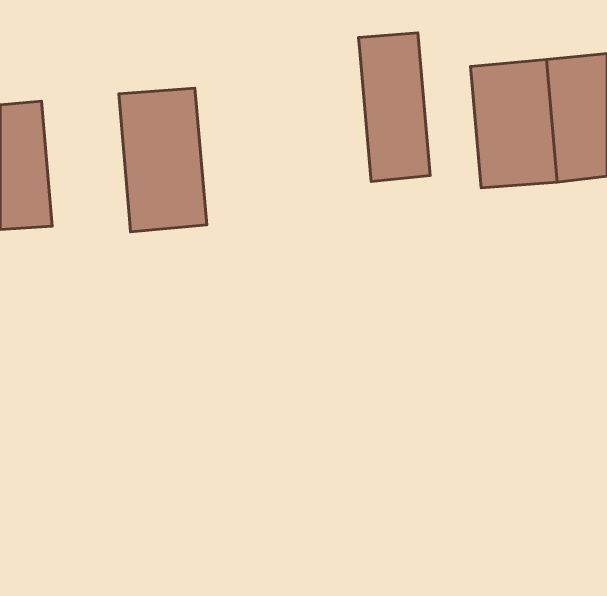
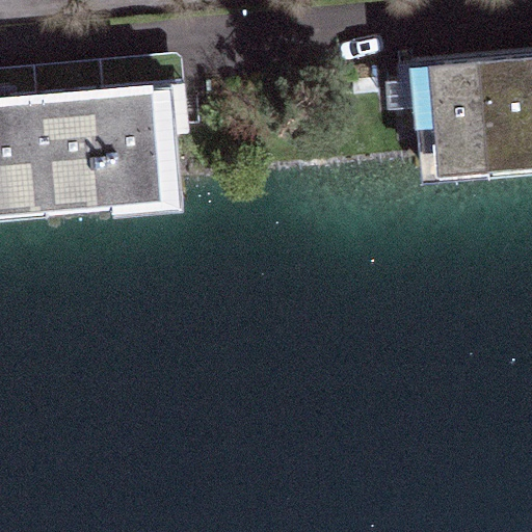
building: [359,33,430,181] -> none
building: none -> [36,92,113,208]

